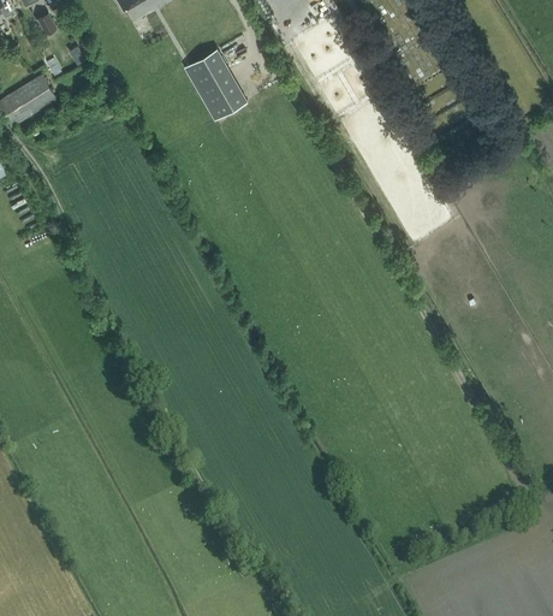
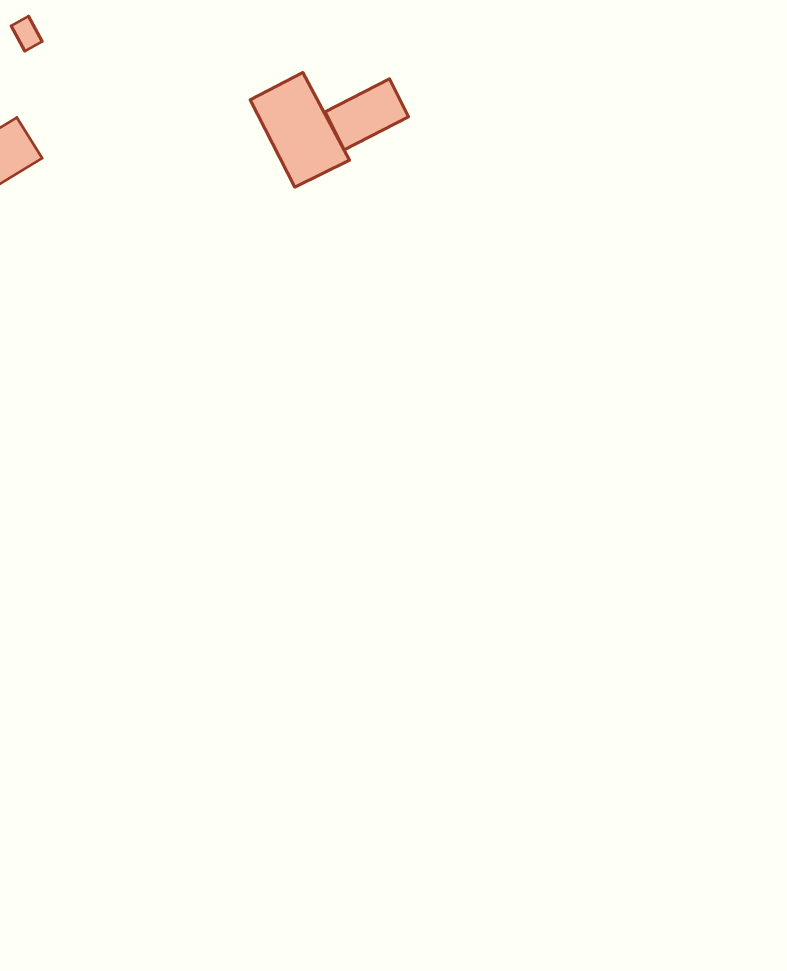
building: none -> [325,79,409,150]

